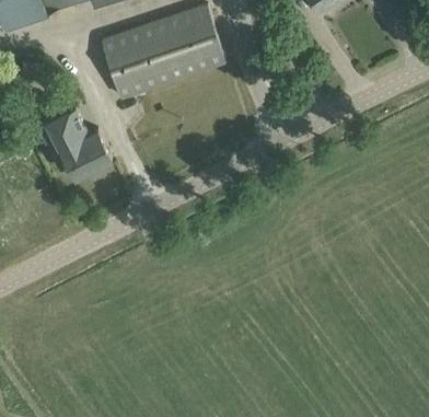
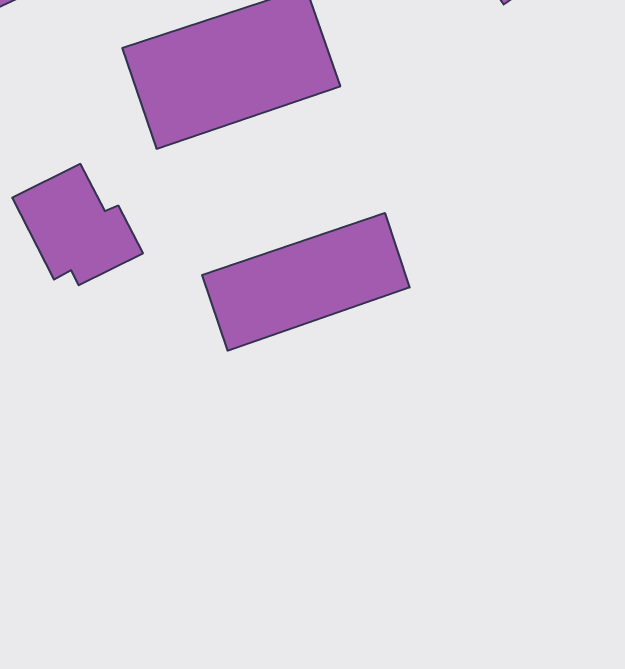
building: none -> [202,213,410,351]

